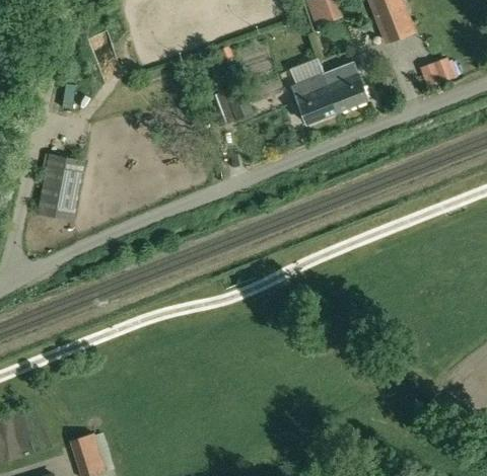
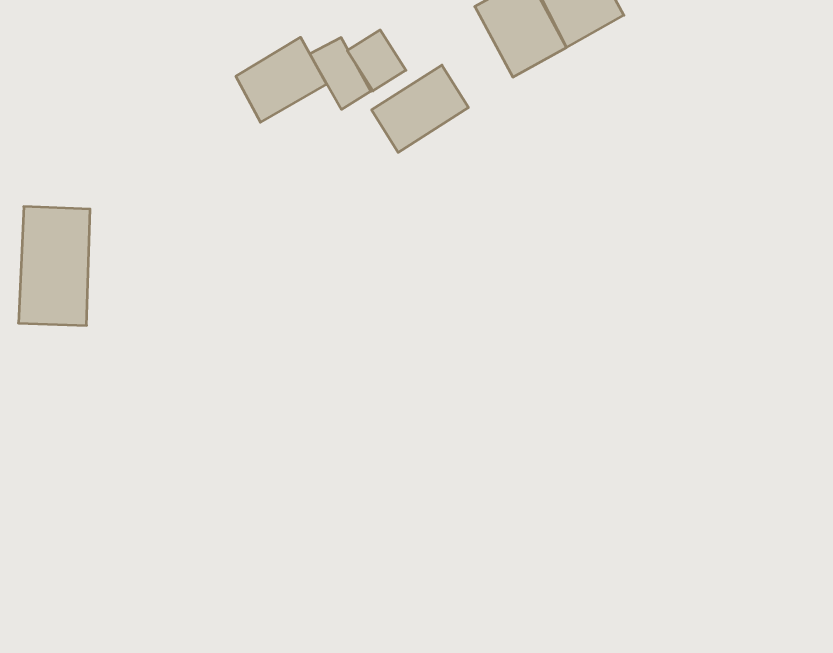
building: none -> [236,37,326,122]
building: none -> [372,65,468,152]

